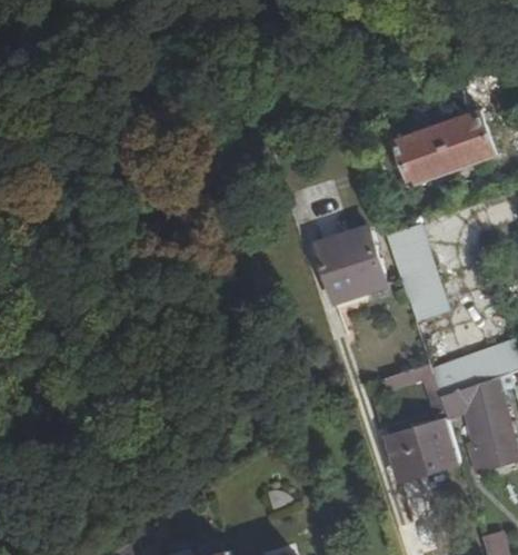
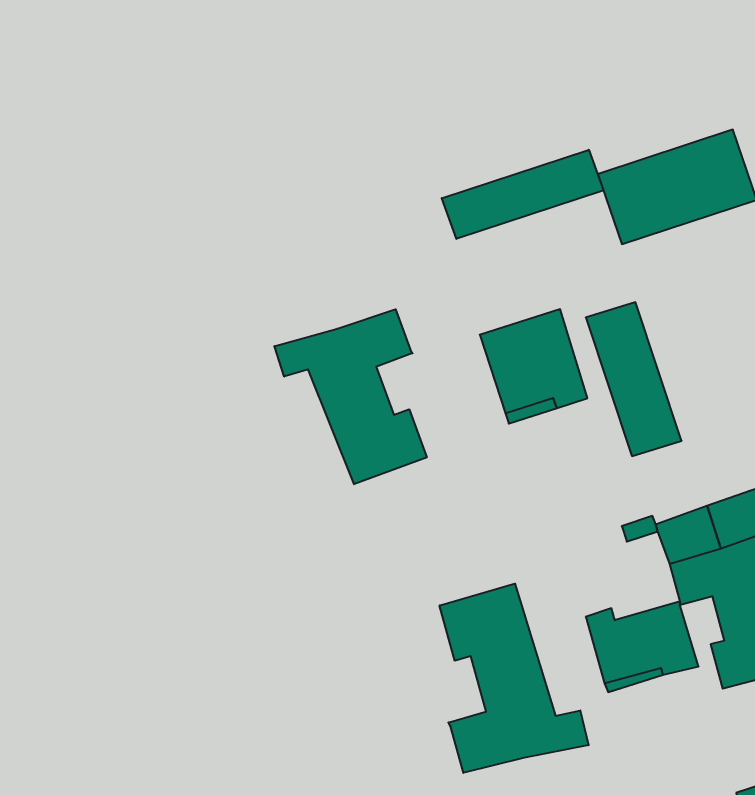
building: none -> [442,150,603,239]
building: none -> [274,309,427,484]
building: none -> [440,584,589,773]

